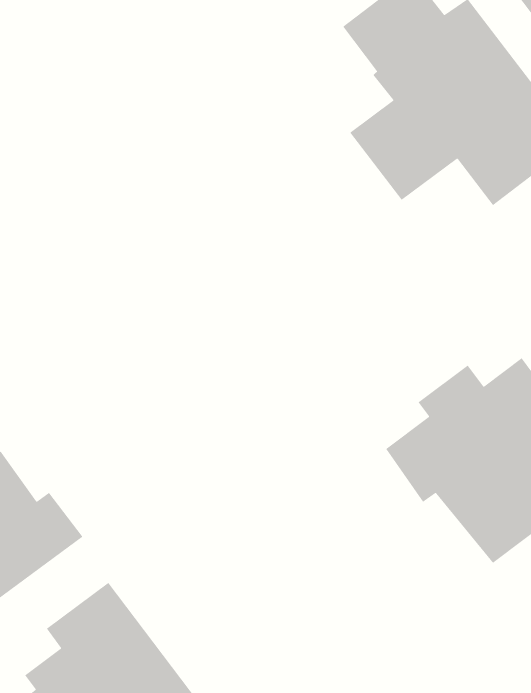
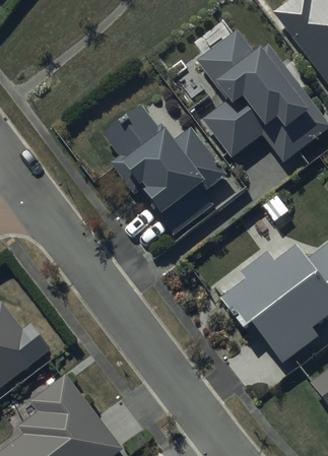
building: none -> [103,104,227,234]

